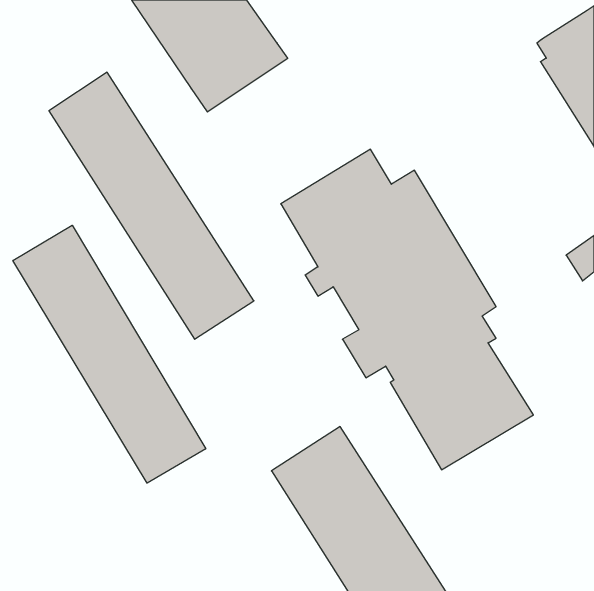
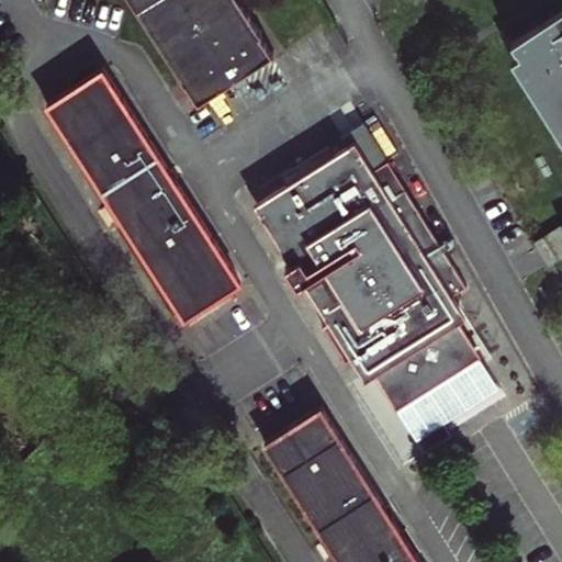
building: [13,225,206,483] -> none

